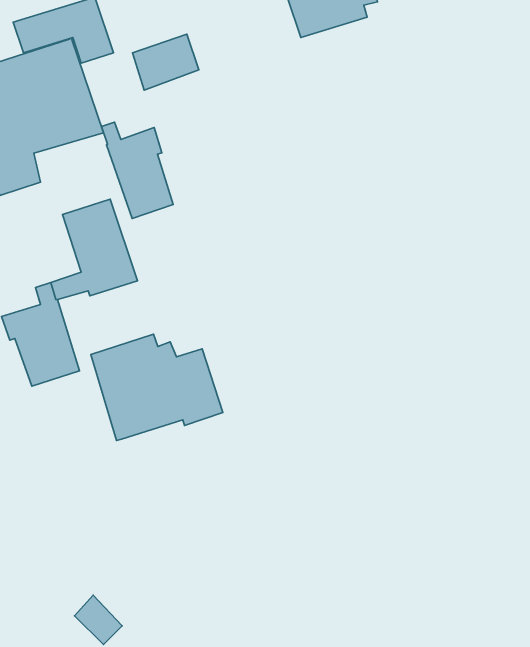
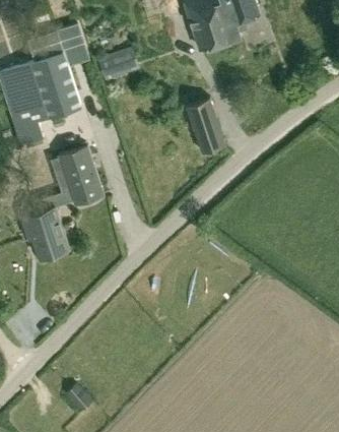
building: none -> [187,101,225,155]
building: [101,122,173,219] -> none
building: [91,334,223,441] -> none

